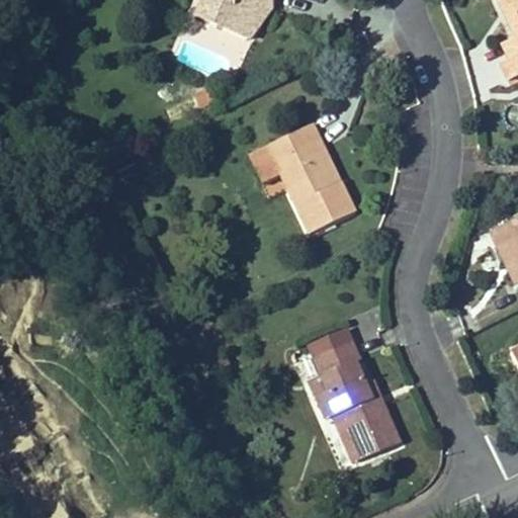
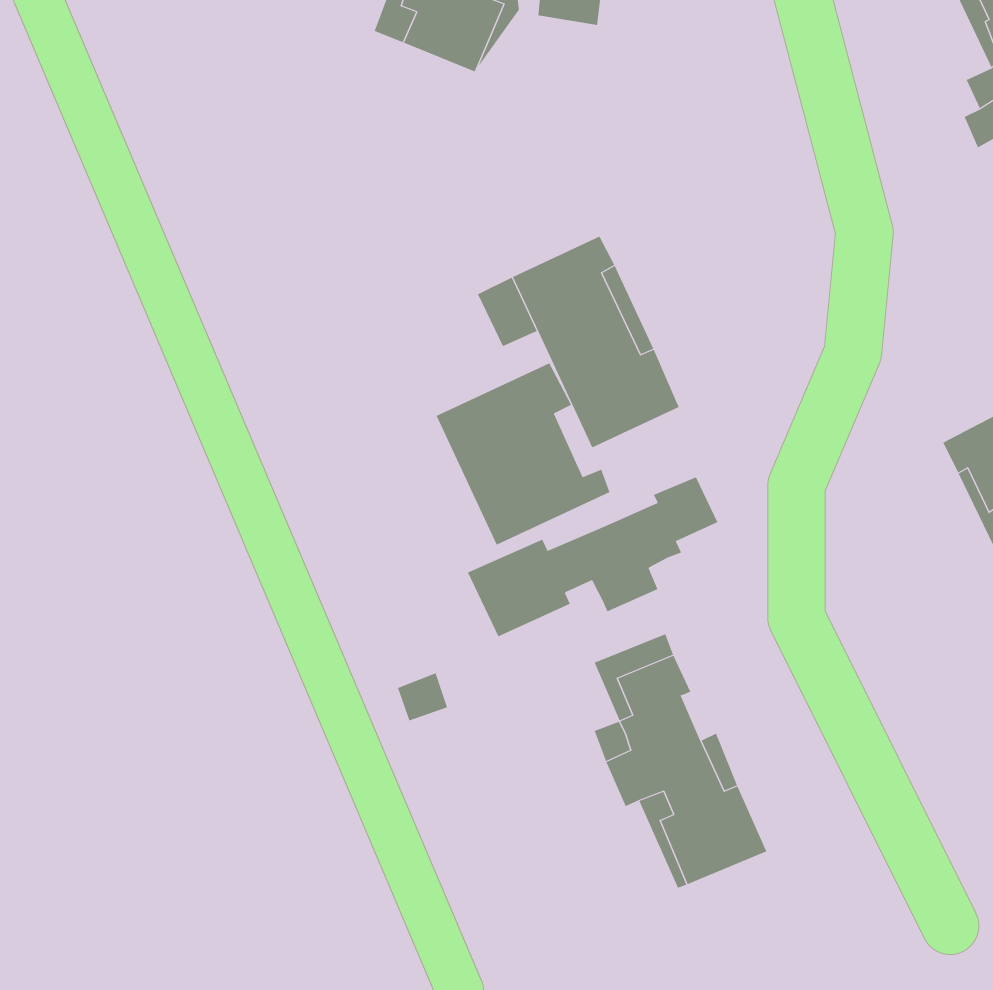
building: none -> [436,362,610,545]
building: none -> [467,477,718,637]

